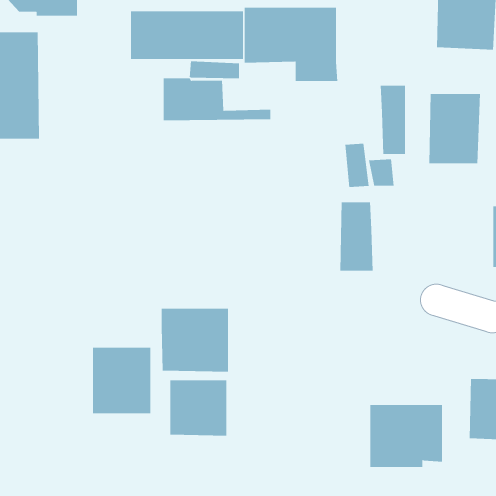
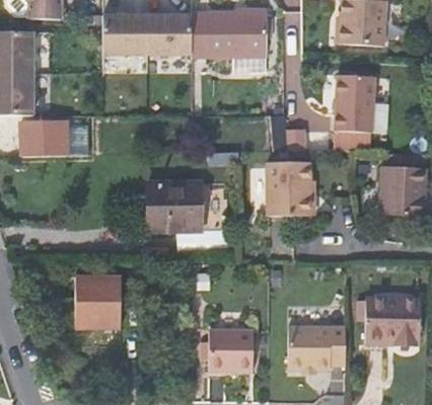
building: [163,78,271,121] -> [20,119,104,153]
building: [380,85,406,154] -> [289,162,309,216]
building: [161,308,229,372] -> [147,180,200,230]
building: [169,380,227,436] -> [209,329,254,373]

